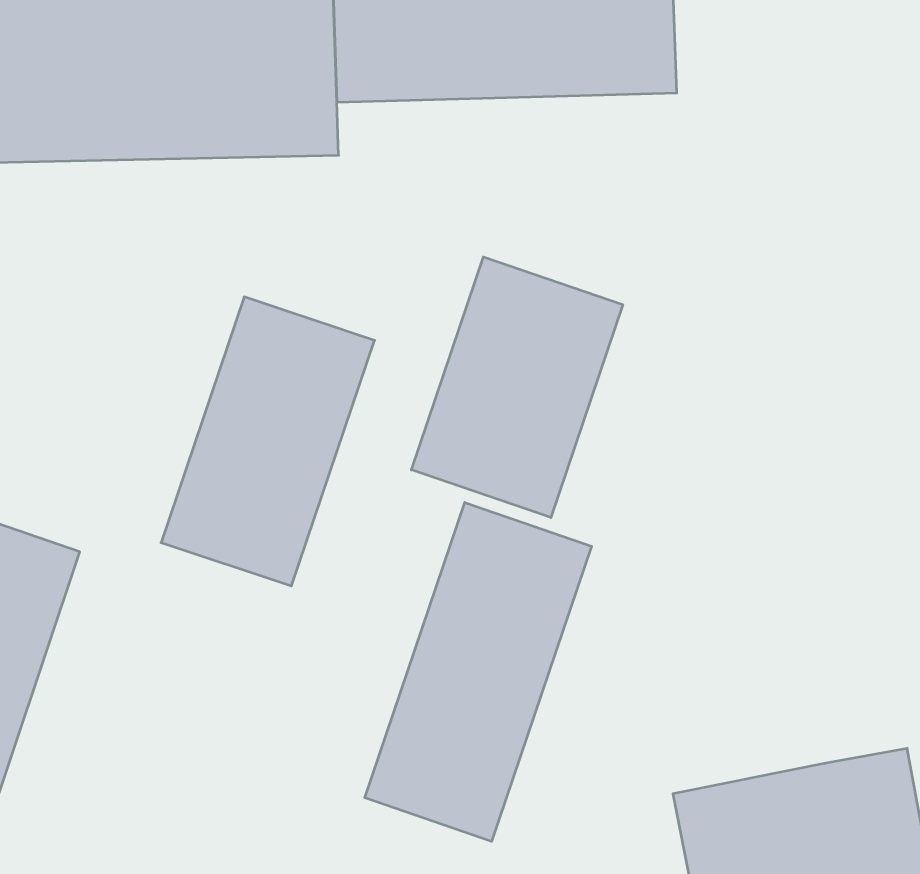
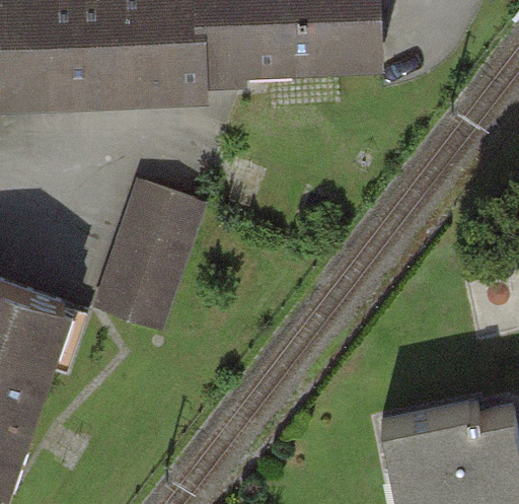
building: [411,257,623,518] -> none
building: [365,502,592,841] -> none

